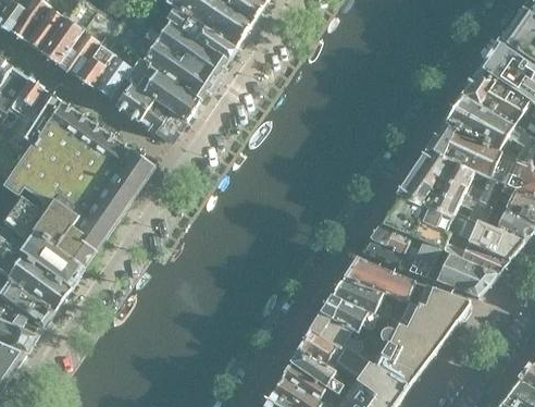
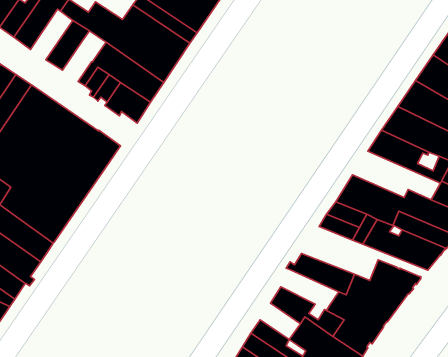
building: [60,22,104,75] -> none
building: [94,55,132,98] -> none
building: [398,171,490,222] -> none
building: [345,258,425,307] -> none
building: [323,296,384,335] -> none
building: [301,331,344,369] -> none

